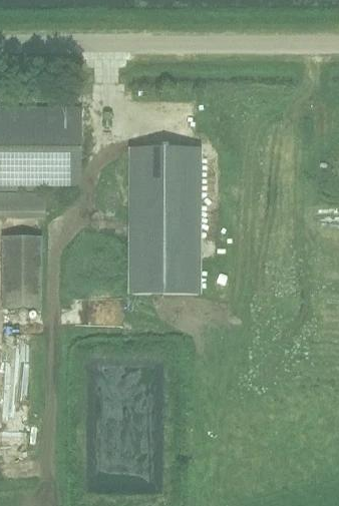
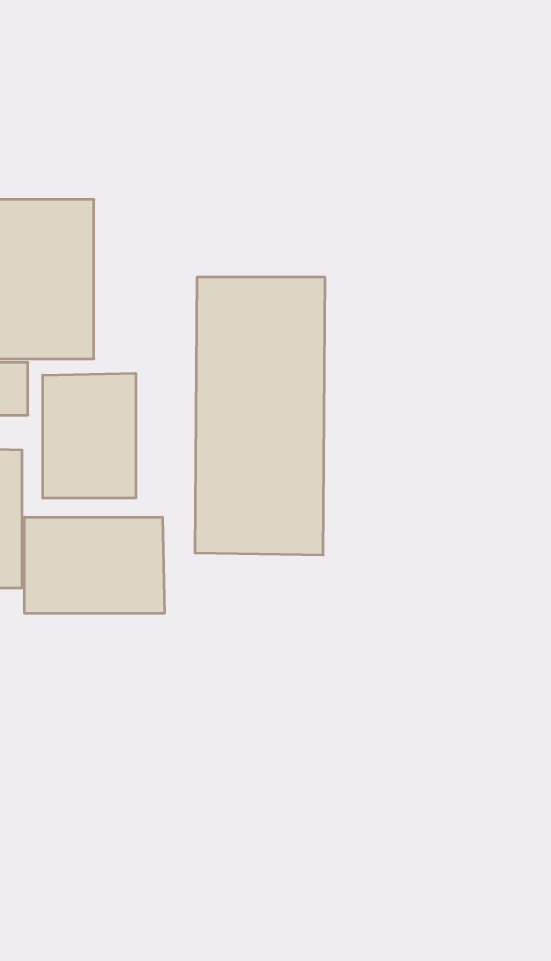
building: none -> [43,373,136,498]
building: none -> [25,517,164,613]

